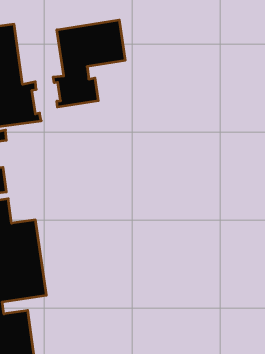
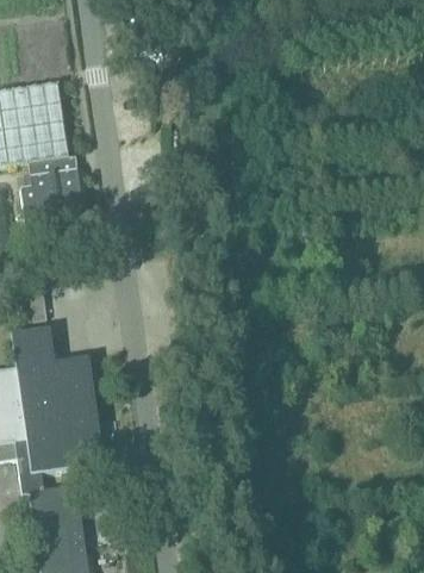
building: [53,20,125,107] -> none

